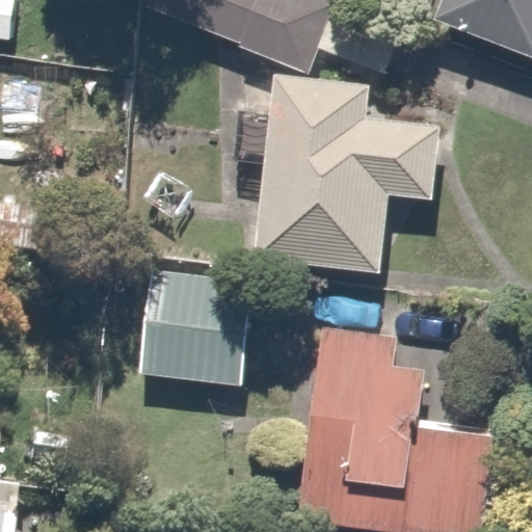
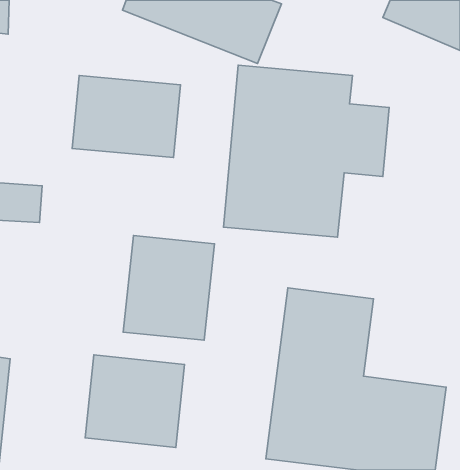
building: none -> [72,76,180,158]
building: none -> [85,355,184,447]

